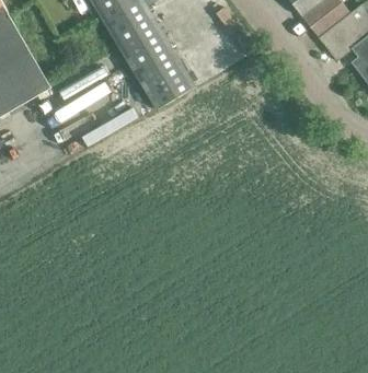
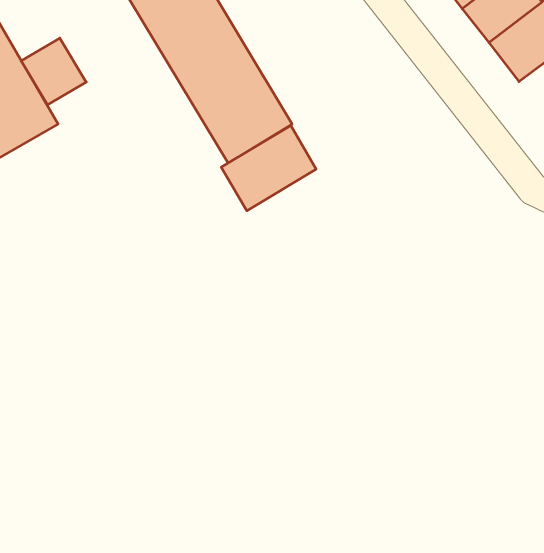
building: none -> [21,38,86,105]
building: none -> [221,125,316,211]

